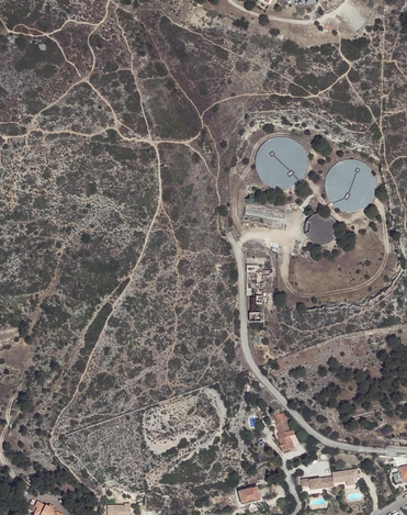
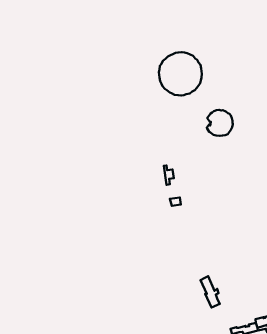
building: [324,159,375,211] -> none

